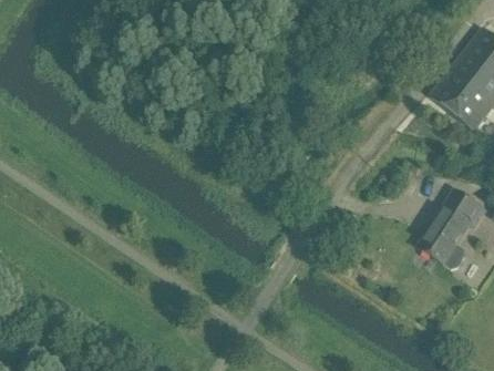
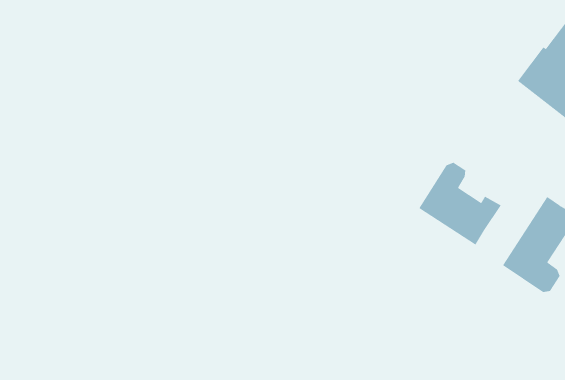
building: none -> [418,162,502,245]

